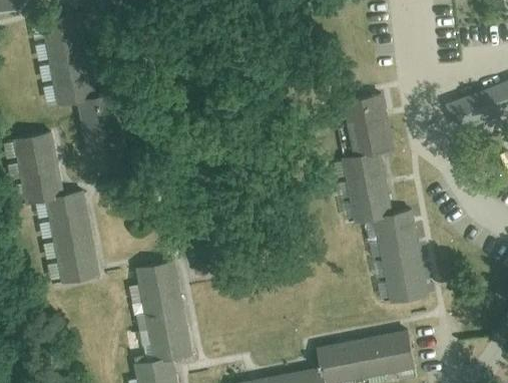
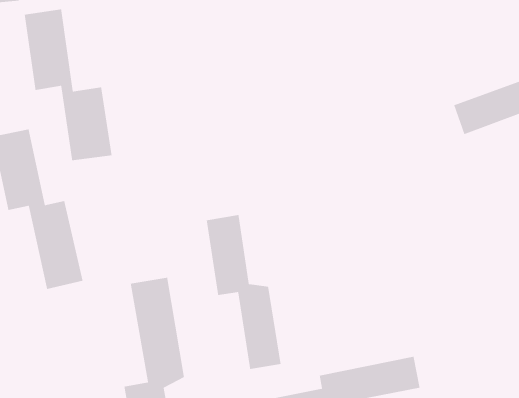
building: [341,91,426,303] -> none
building: none -> [206,214,281,370]

